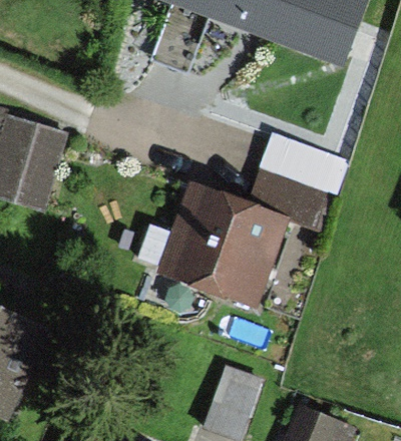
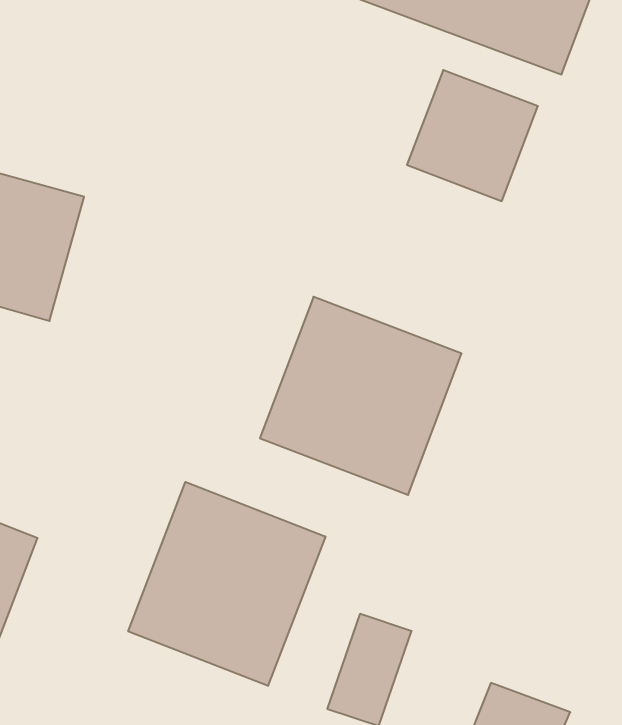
building: [255,142,331,218] -> [407,70,538,201]
building: none -> [128,482,325,686]

